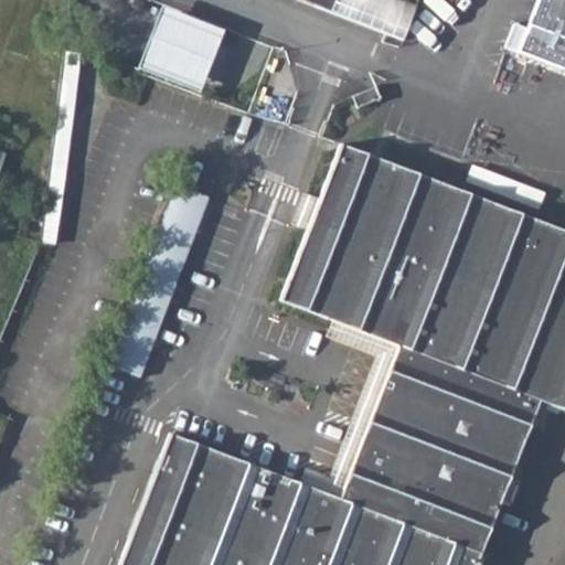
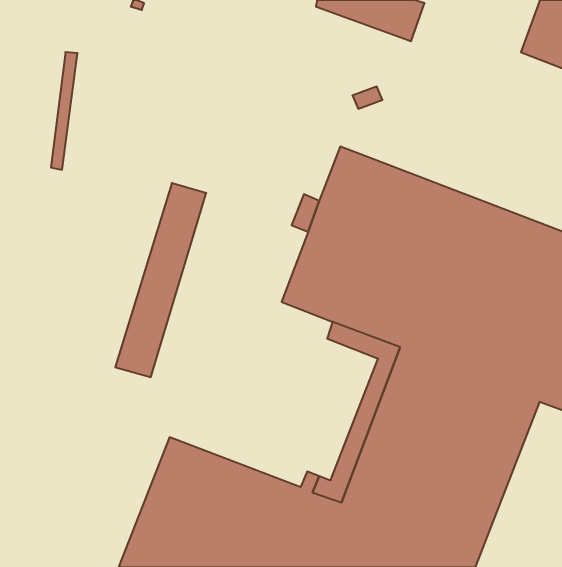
building: [150,15,217,83] -> none

